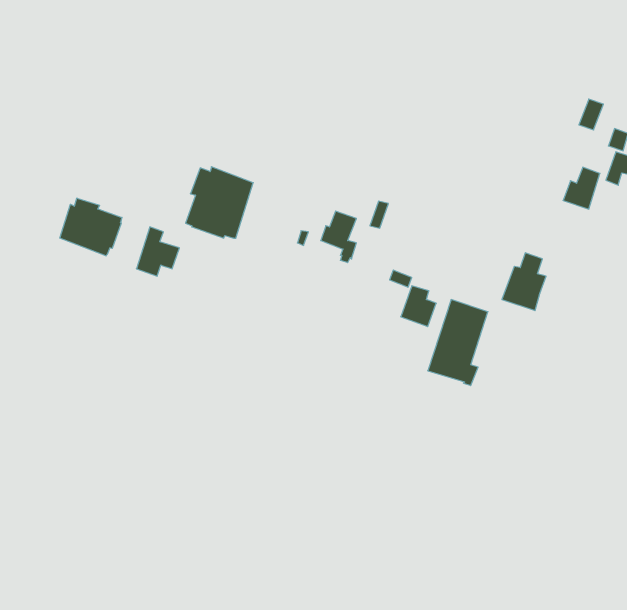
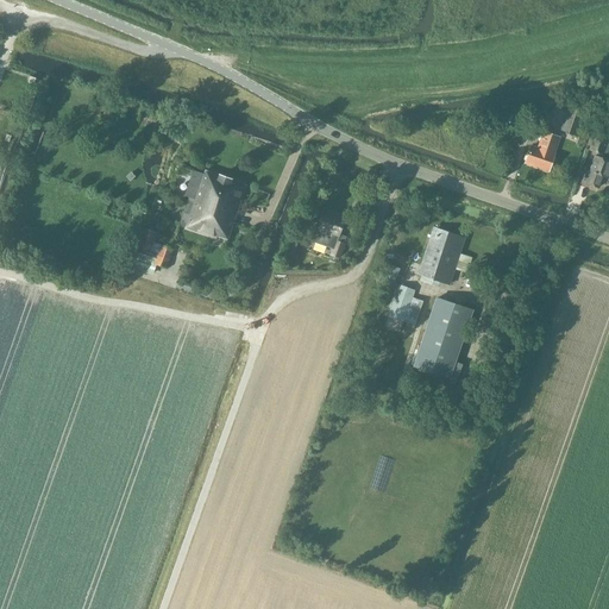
building: [563,167,600,209] -> [525,130,560,170]
building: [60,198,122,256] -> none
building: [502,253,546,311] -> [417,228,460,284]

